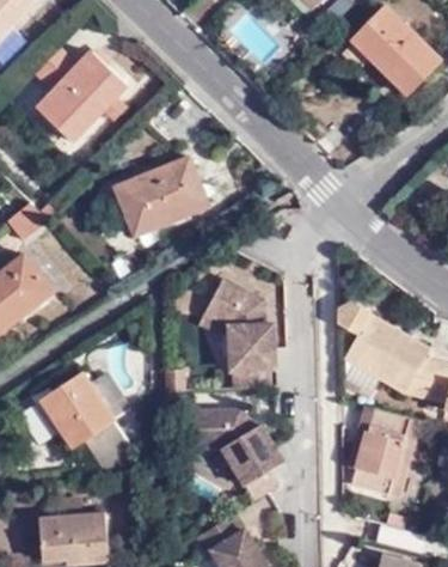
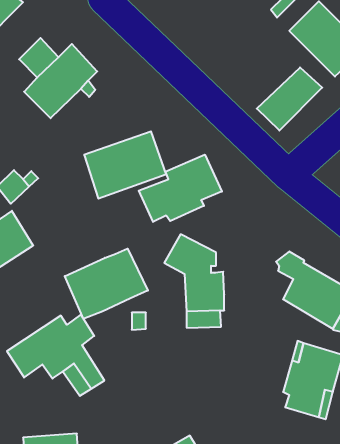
building: none -> [257,67,322,131]
building: none -> [139,155,222,222]
building: none -> [65,249,148,319]
building: [192,410,282,488] -> none

